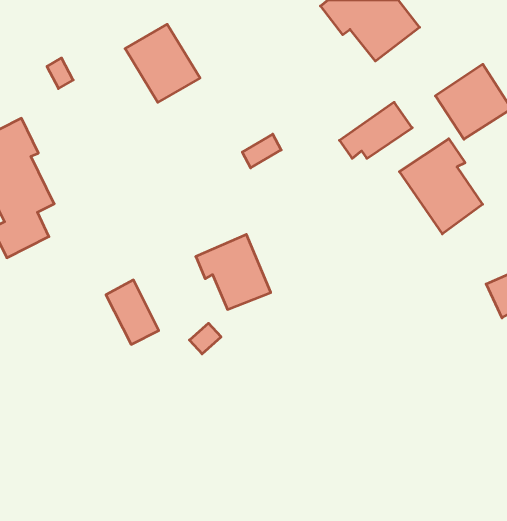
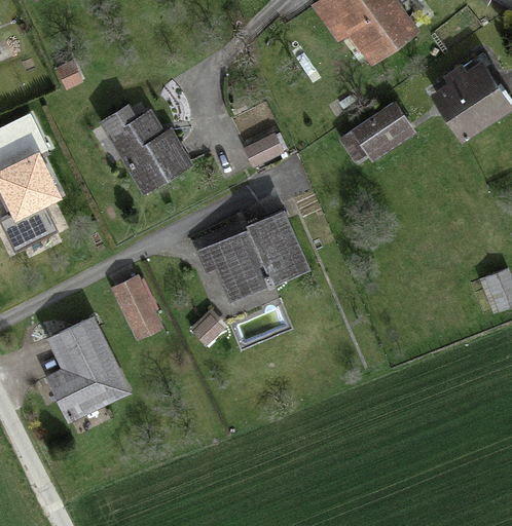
building: [125,24,200,102] -> [111,108,184,184]
building: [399,139,483,234] -> none
building: none -> [248,212,308,286]
building: none -> [48,323,124,420]

